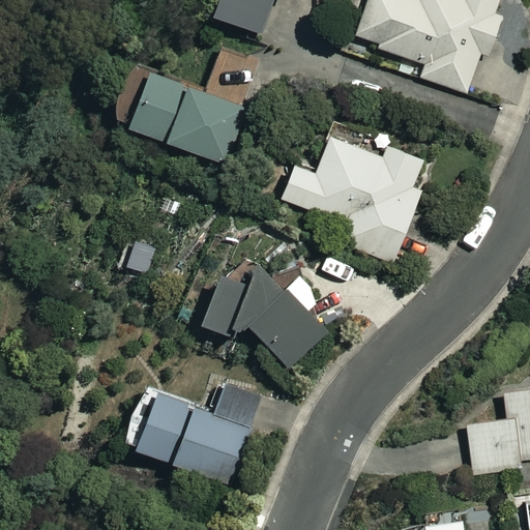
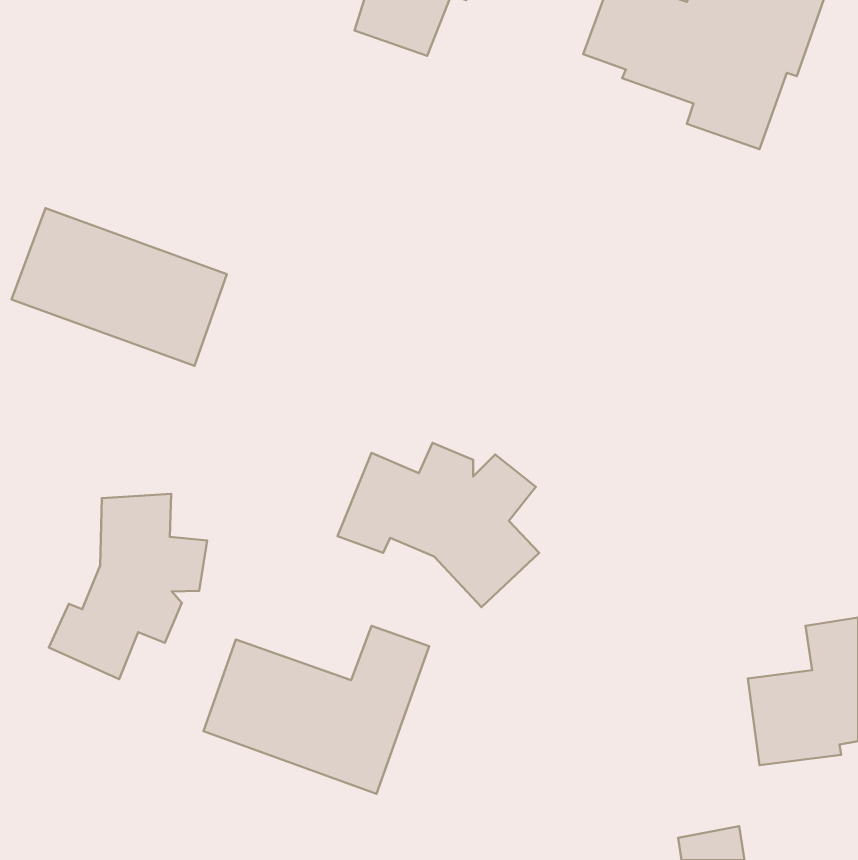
building: [112,67,243,164] -> [11,208,227,366]
building: [283,138,425,261] -> none
building: none -> [49,494,207,679]

